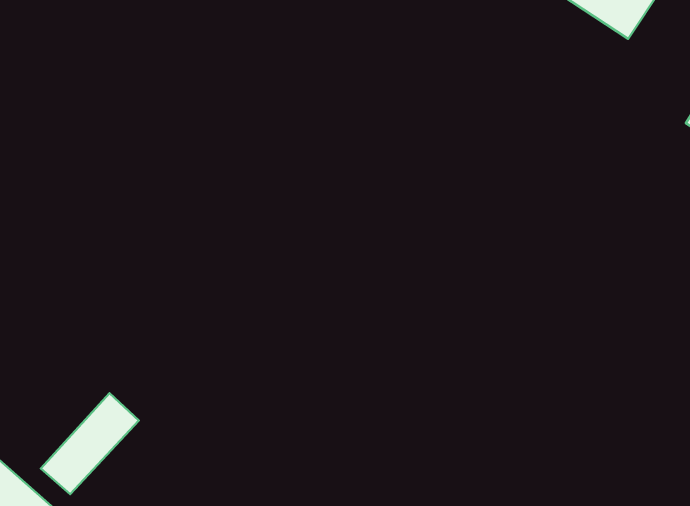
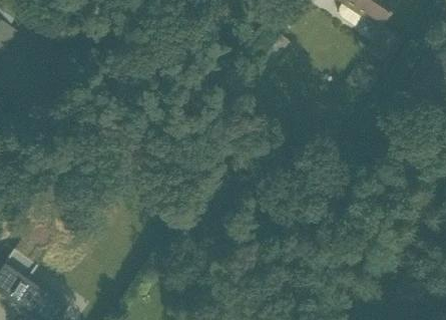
building: [41,393,139,494] -> none

